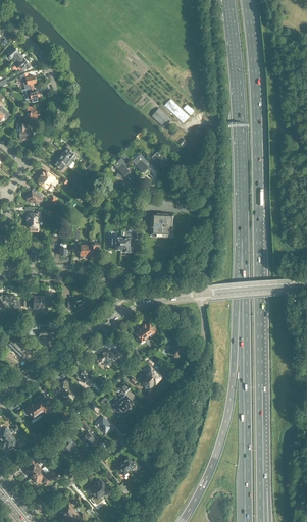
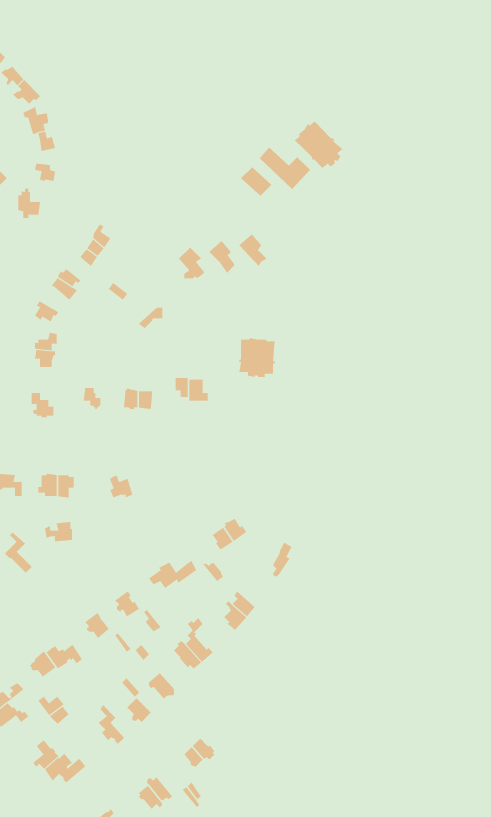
building: none -> [294,120,344,169]

